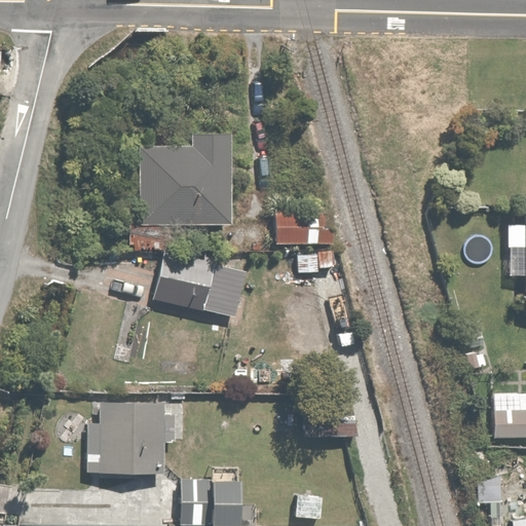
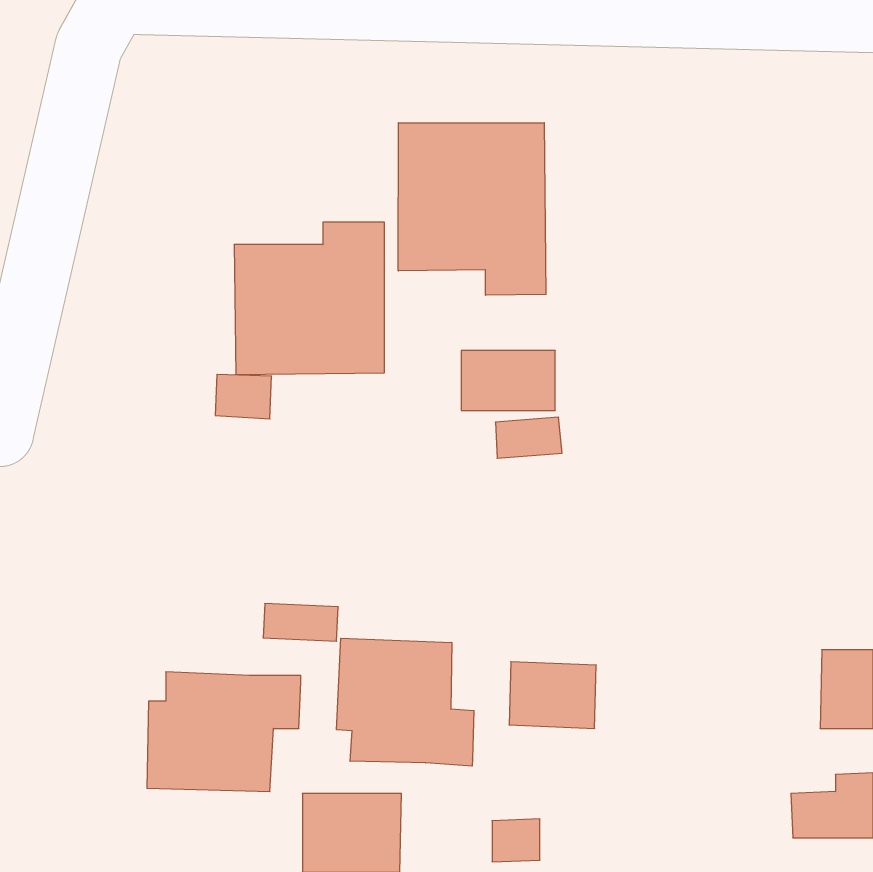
building: none -> [398,123,546,295]
building: [153,252,240,313] -> none
building: none -> [337,638,474,766]

